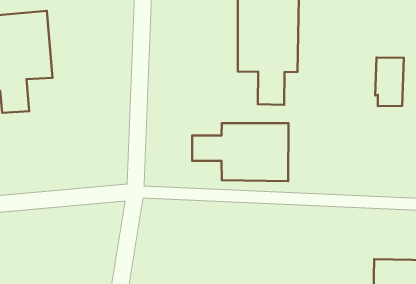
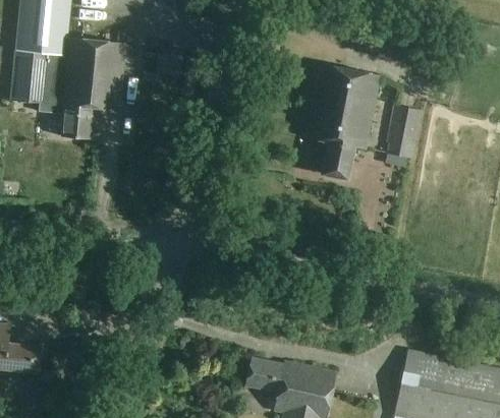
building: [375,58,404,106] -> [387,106,423,159]
building: [192,123,289,181] -> none

